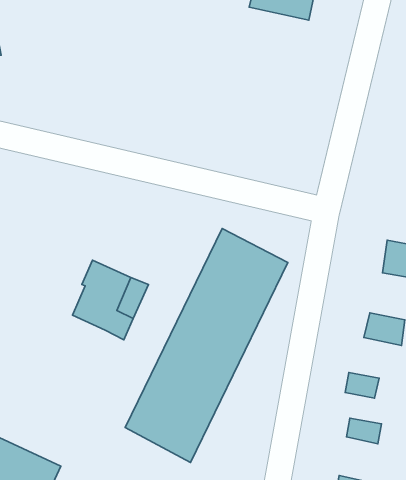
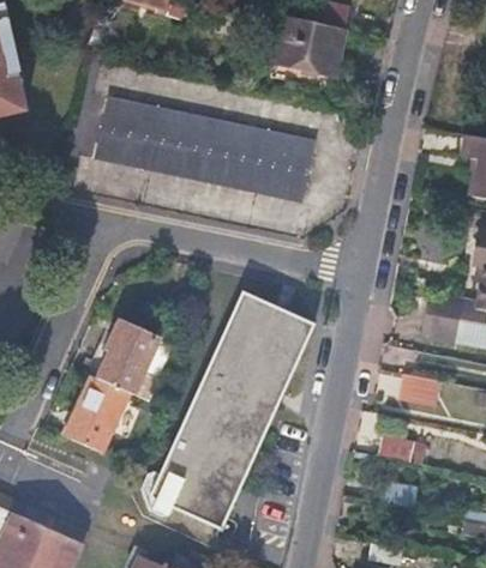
building: none -> [94,97,312,201]
building: none -> [64,374,131,452]

